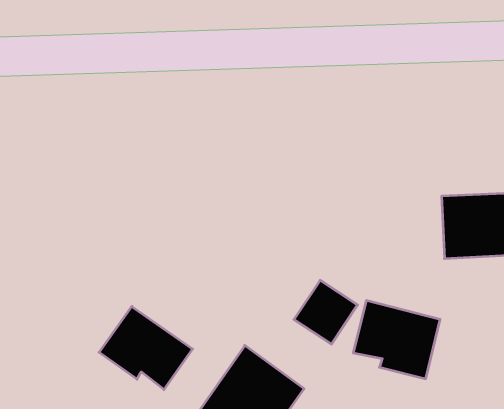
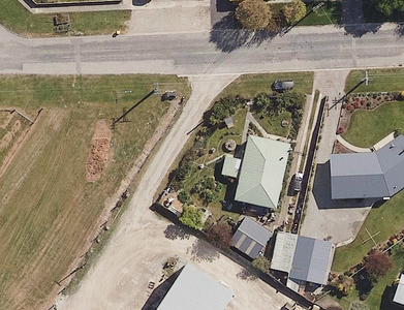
building: none -> [219,134,290,210]
building: [99,306,193,390] -> none

